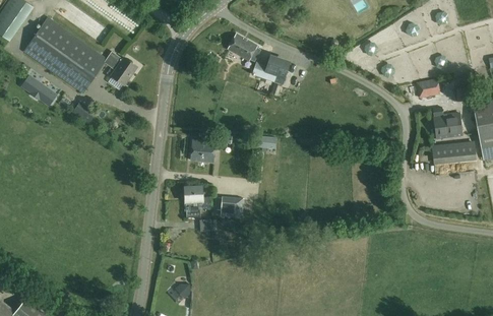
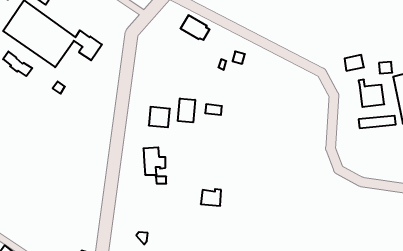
building: [252,56,291,84] -> none
building: none -> [178,98,195,122]
building: [221,197,244,216] -> [201,189,221,206]

